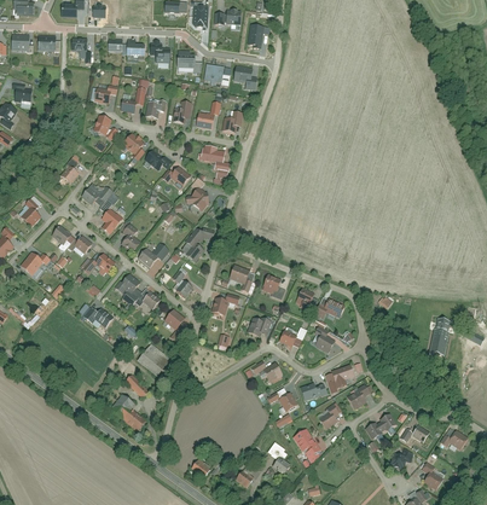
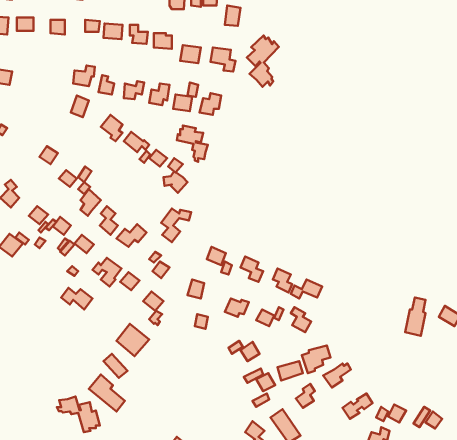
building: none -> [247,35,279,87]
building: none -> [57,397,100,432]

